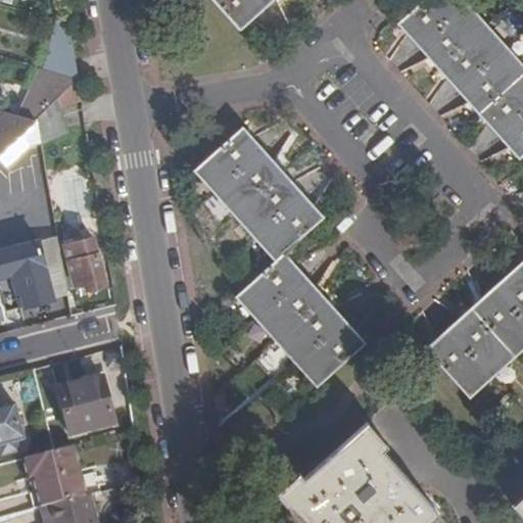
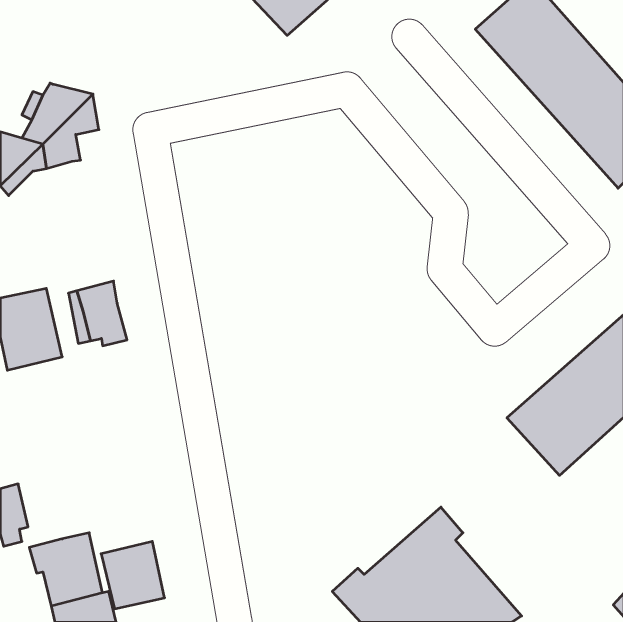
building: [45,19,79,79] -> none
building: [196,129,364,385] -> none
building: [61,378,114,434] -> [101,541,165,609]

